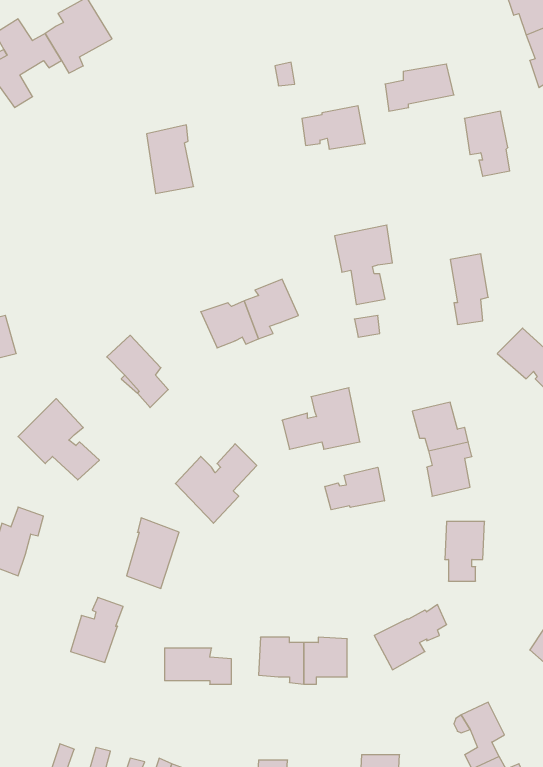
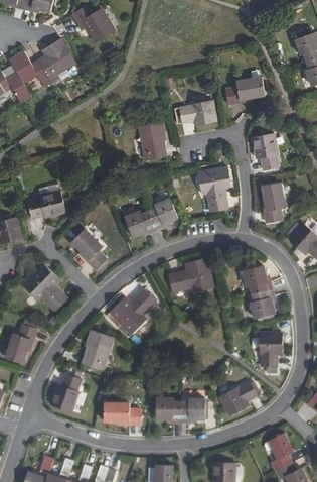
building: [464,111,510,176] -> [253,134,278,170]
building: [147,125,194,194] -> [140,122,166,160]
building: none -> [28,191,64,217]
building: [325,467,384,510] -> none

